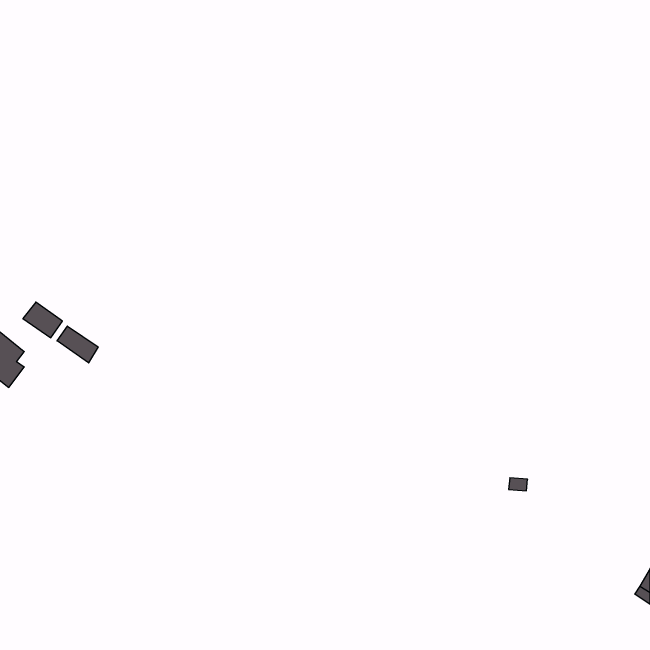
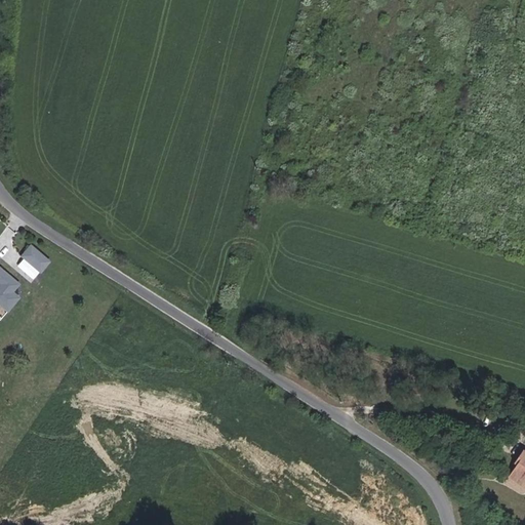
building: [57,326,98,363] -> none

